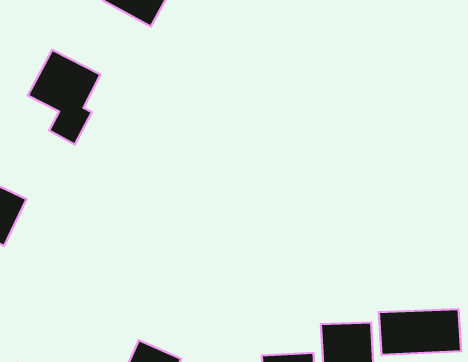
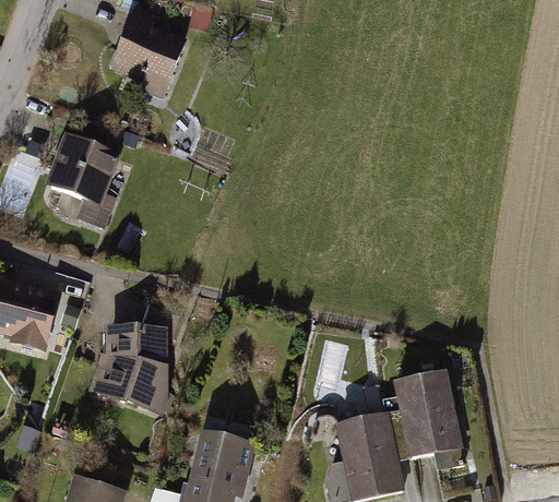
building: none -> [95,322,166,414]
building: [379,309,461,355] -> none

